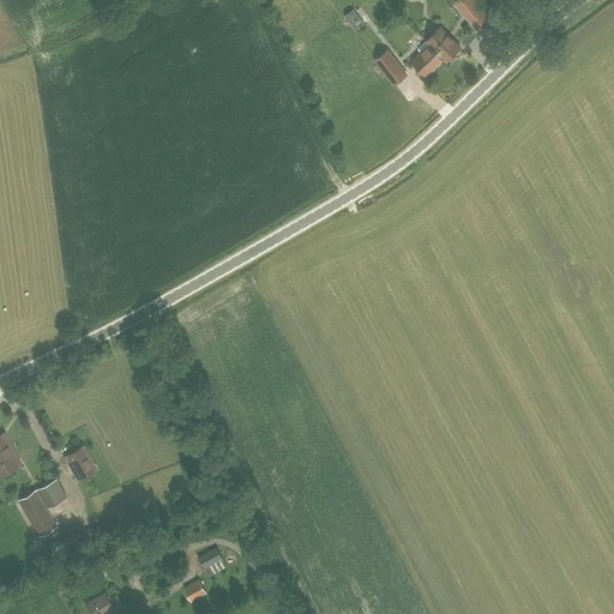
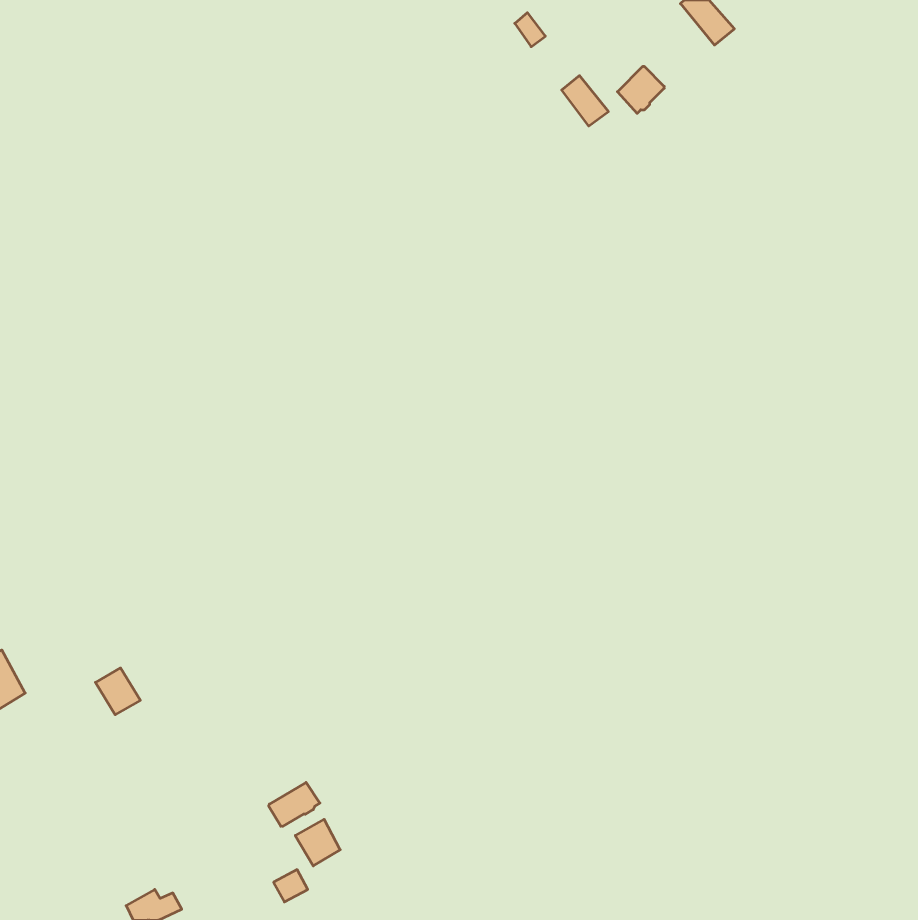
building: [426,28,459,61] -> none
building: [17,478,65,536] -> none
building: none -> [269,782,320,826]

